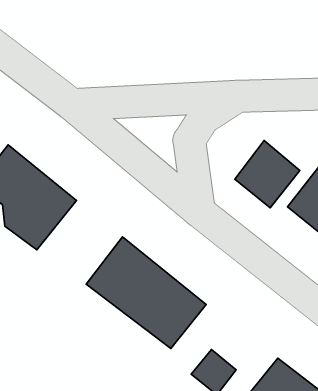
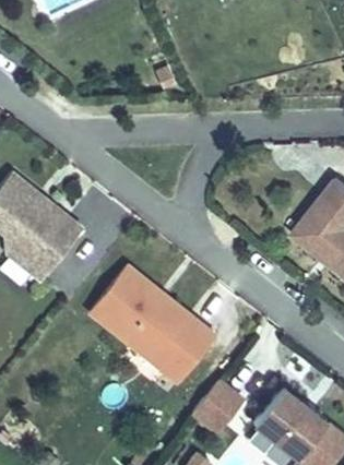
building: [235,141,300,208] -> none

